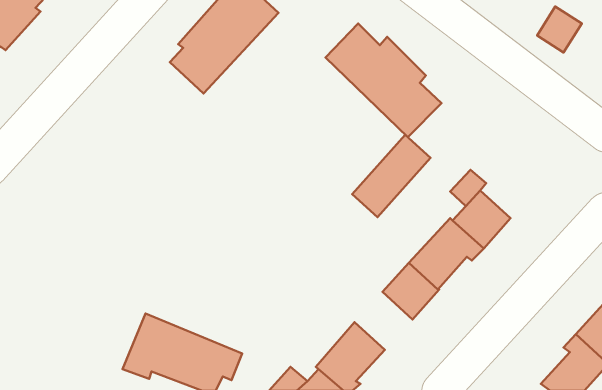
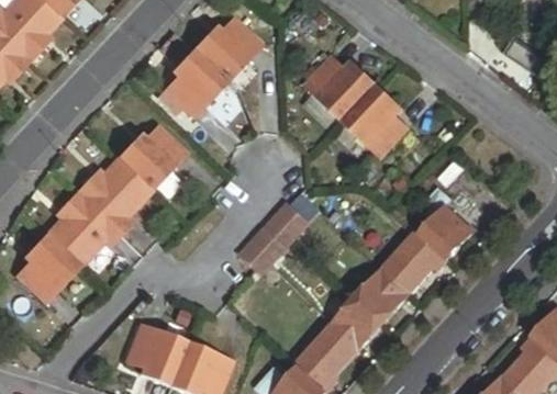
building: none -> [14,124,187,304]
building: [352,135,431,217] -> [237,202,309,277]
building: none -> [331,299,383,351]

